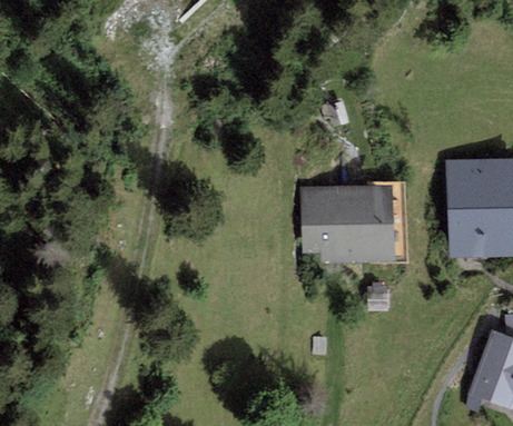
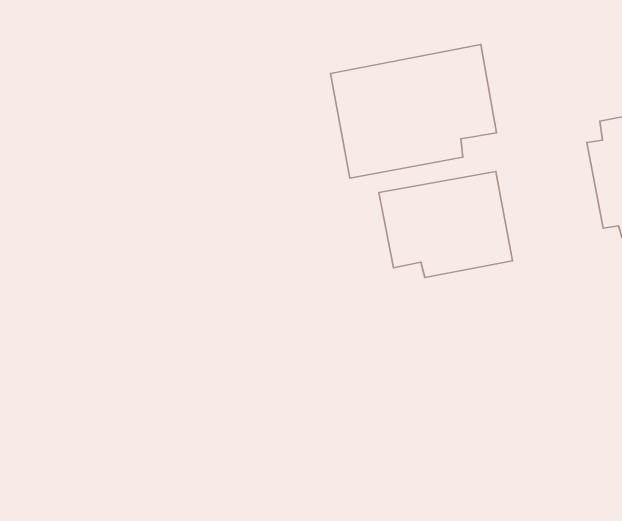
building: none -> [330,44,497,178]

